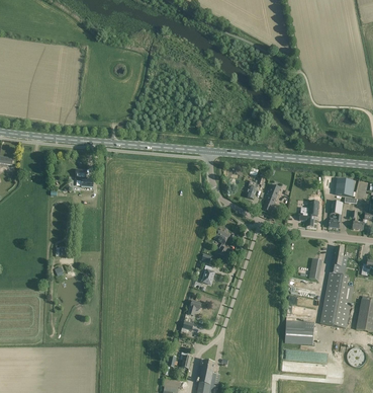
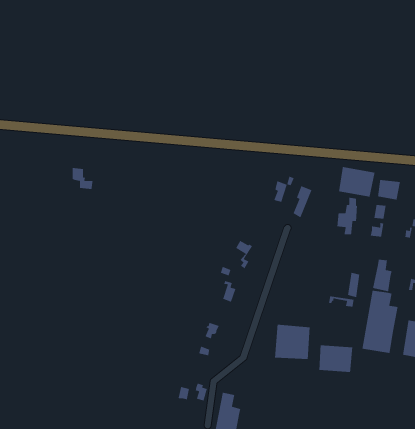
building: none -> [338,166,375,197]
building: none -> [274,324,311,360]

